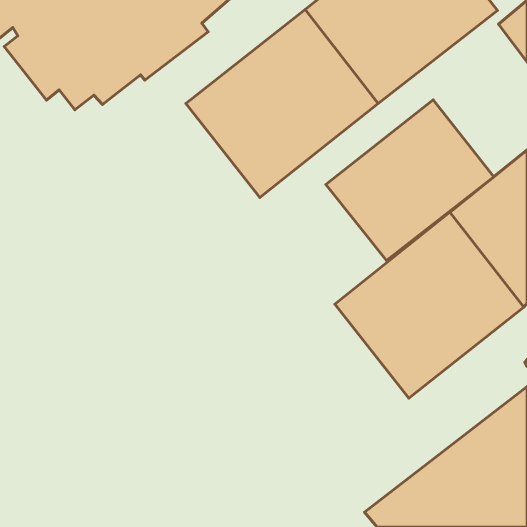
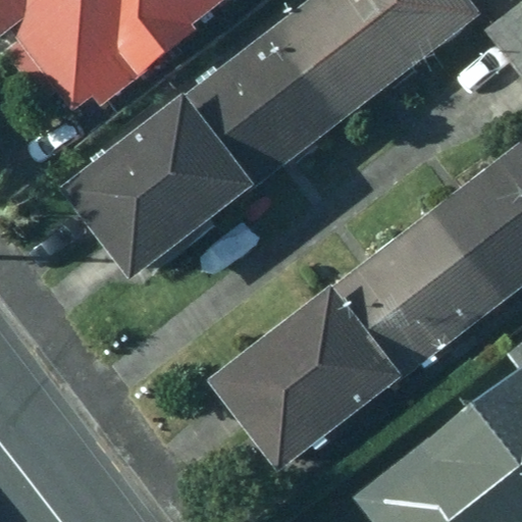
building: [326,100,494,261] -> none
building: none -> [64,100,251,280]
building: none -> [211,294,395,472]

